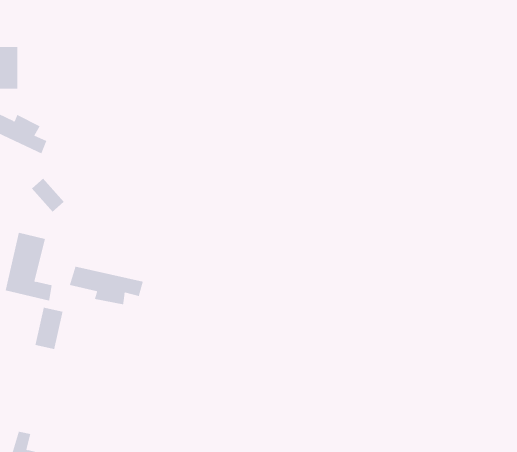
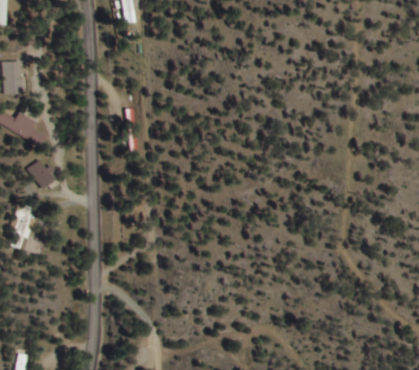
building: [69,266,144,305] -> none
building: [35,307,63,350] -> none

